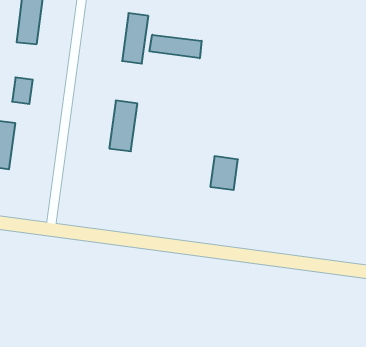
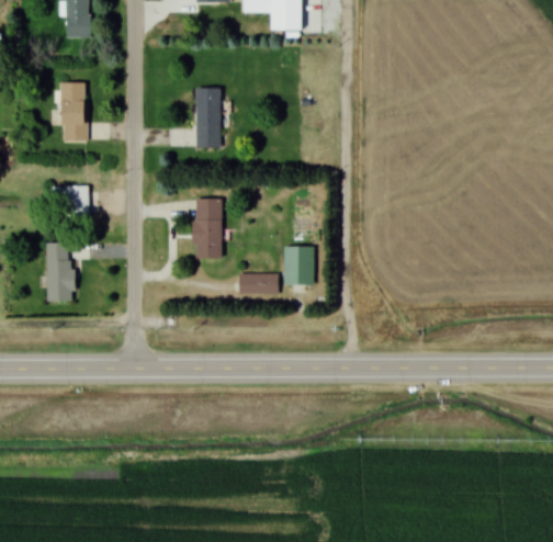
building: [150,35,202,58] -> none
building: [210,156,238,190] -> [284,246,314,284]
building: none -> [237,273,279,293]

